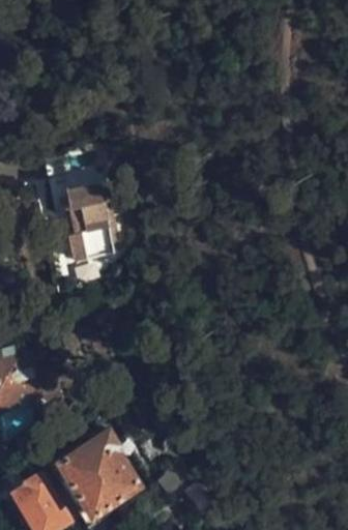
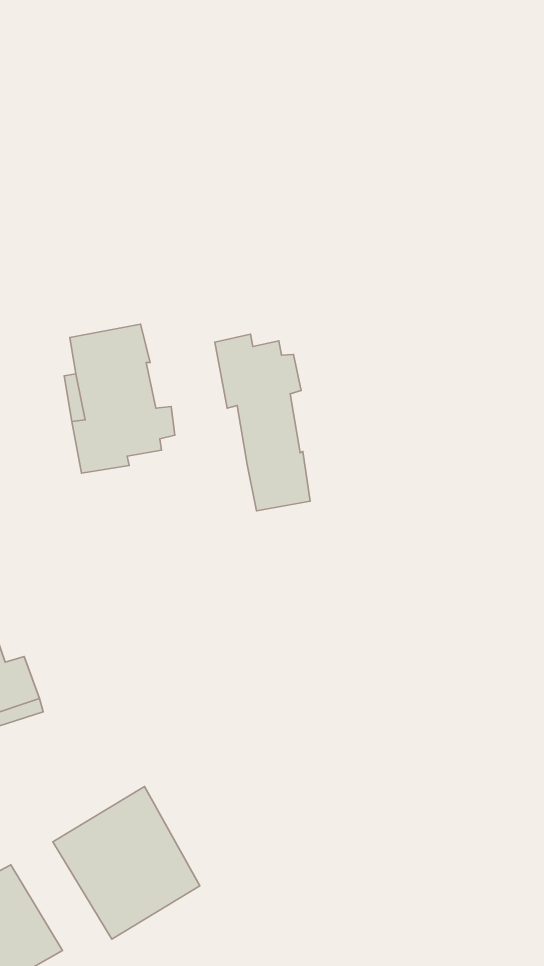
building: none -> [215,334,310,511]

